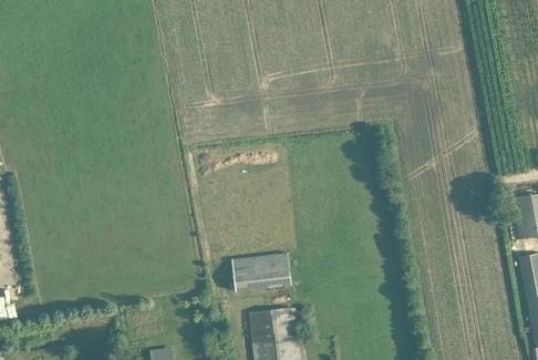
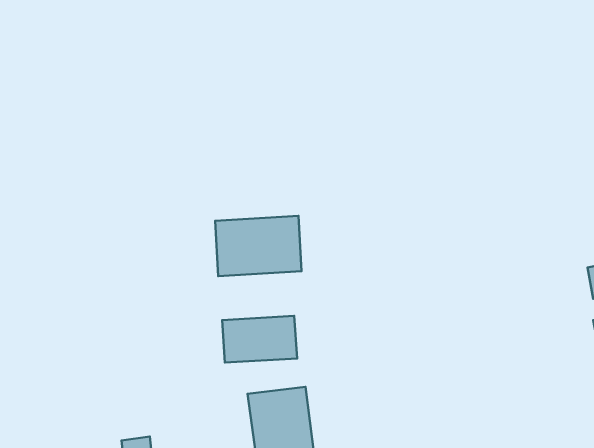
building: none -> [215,216,301,276]

